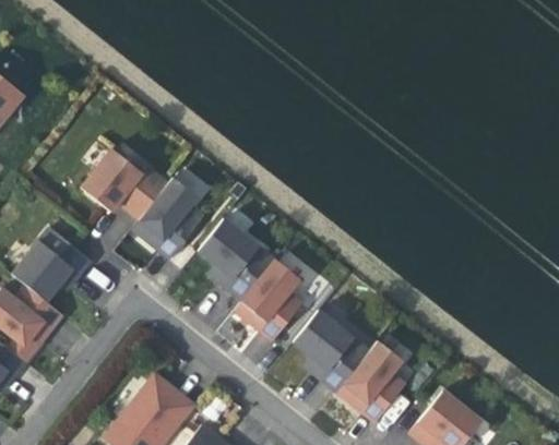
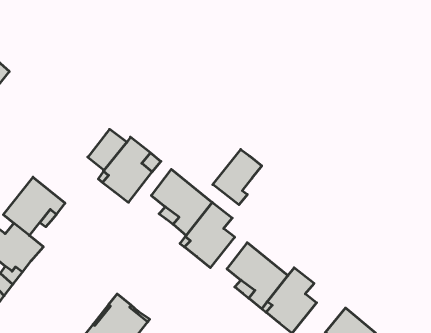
building: [81,149,142,212] -> none
building: none -> [213,149,262,205]

